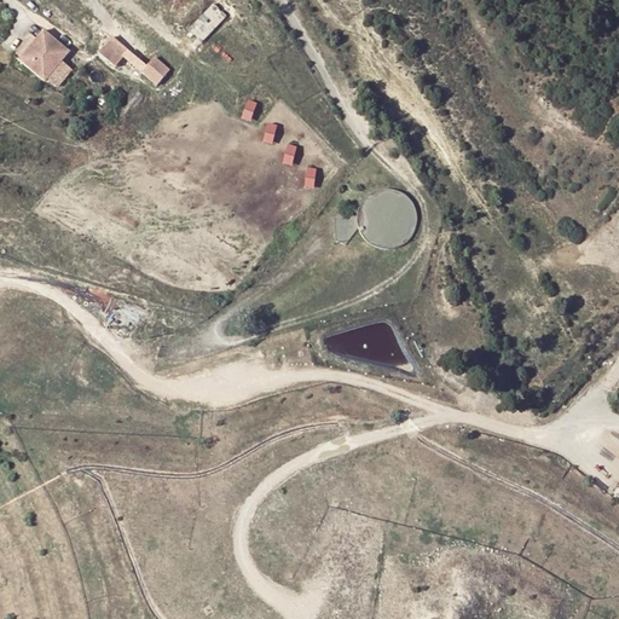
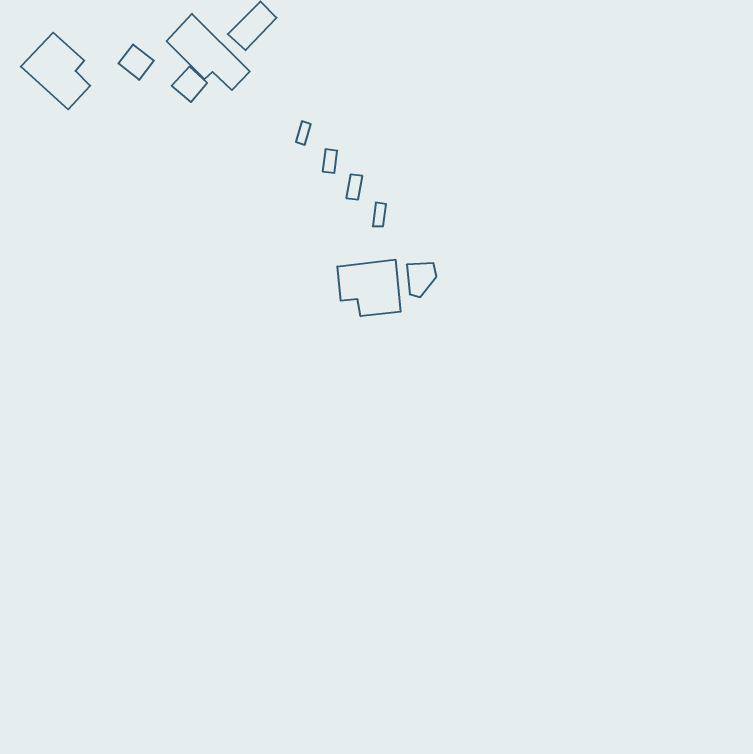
building: none -> [167,14,250,90]
building: none -> [337,260,401,316]

